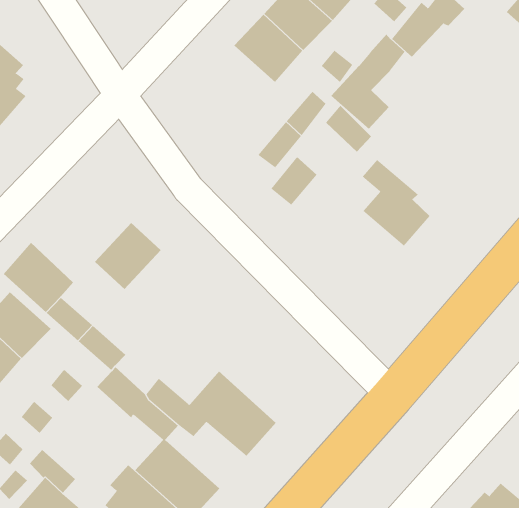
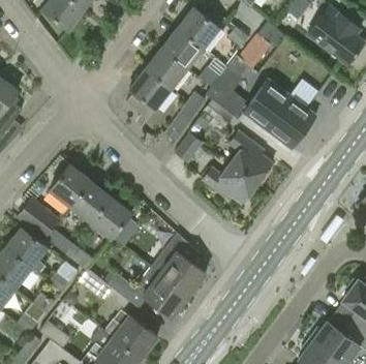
building: none -> [129,68,172,109]
building: none -> [243,79,316,148]
building: none -> [51,164,91,206]
building: none -> [202,162,257,203]
building: none -> [90,195,131,238]
building: none -> [151,234,205,295]

